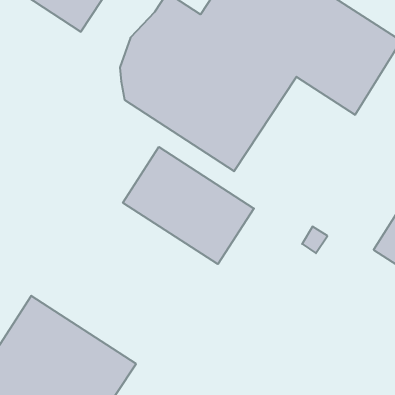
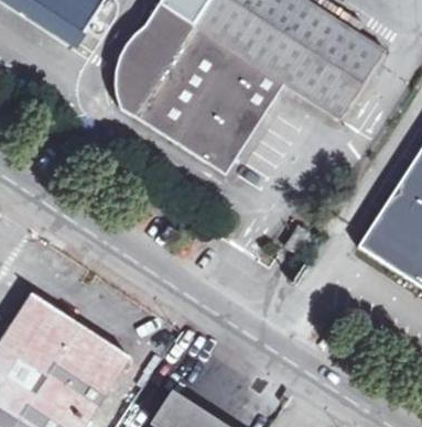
building: [123,147,254,264] -> none

